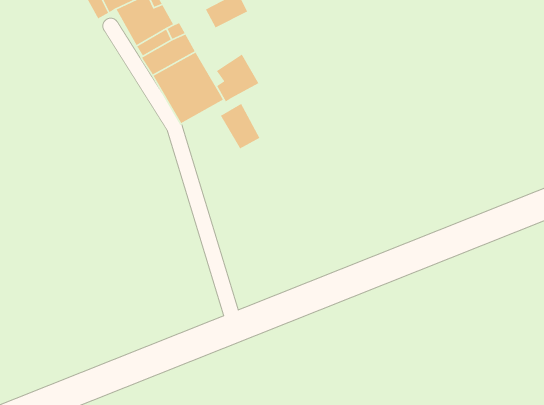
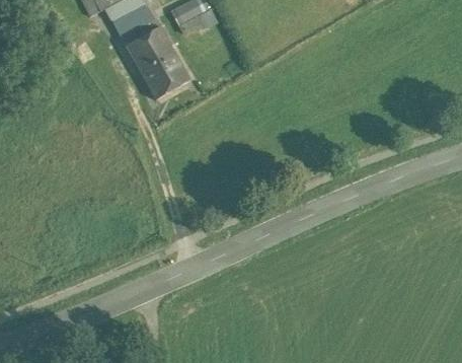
building: [216,54,259,103] -> none
building: [220,103,260,150] -> none

